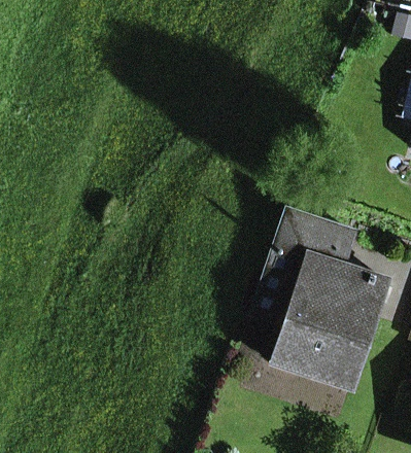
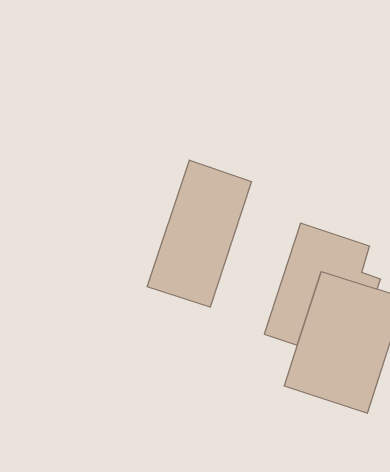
building: none -> [147,160,252,307]

